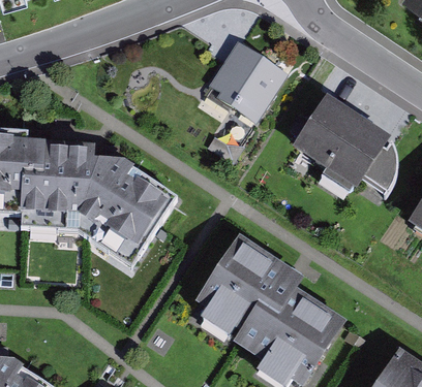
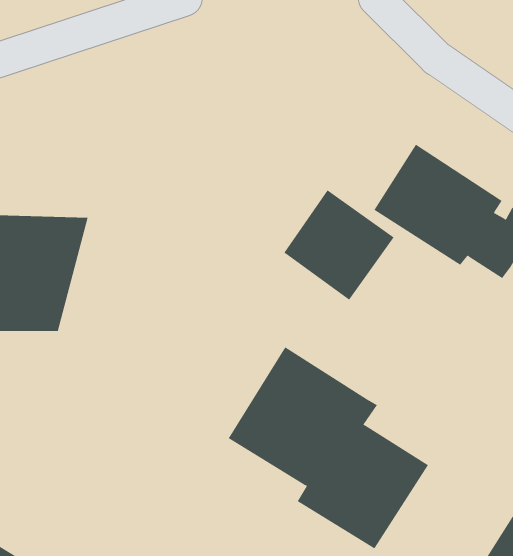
building: [213,42,290,119] -> [284,189,395,301]
building: [79,150,173,266] -> none

